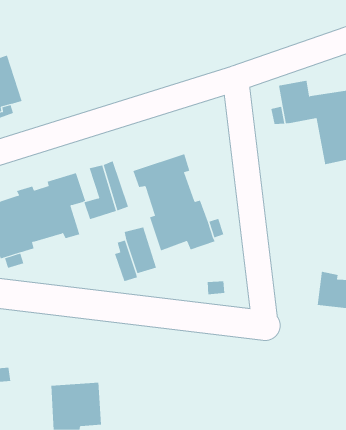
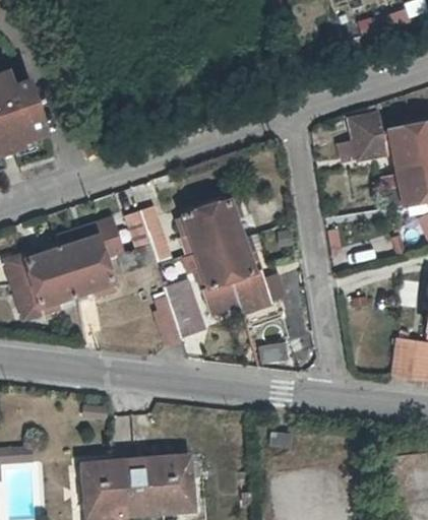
building: none -> [138,457,192,511]

